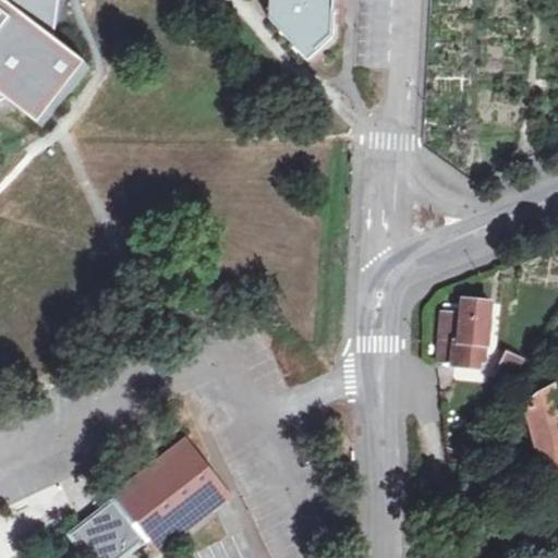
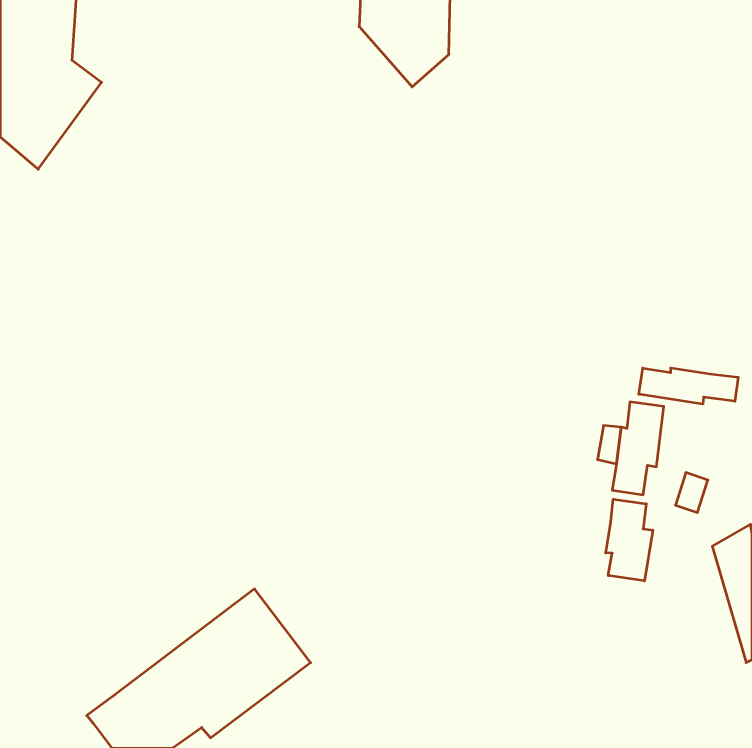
building: none -> [639,368,738,404]
building: none -> [606,499,653,581]

